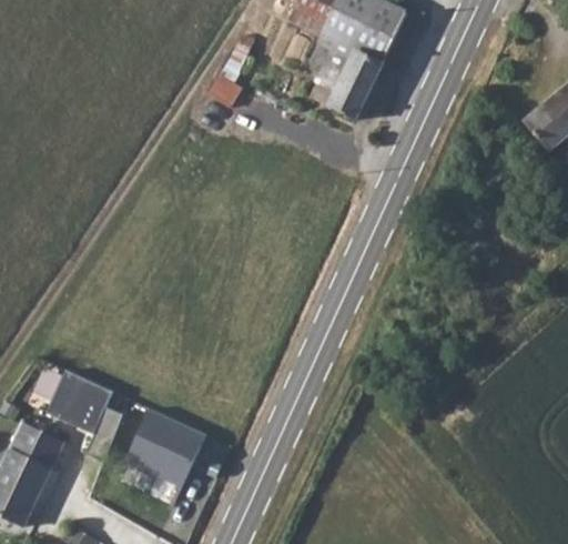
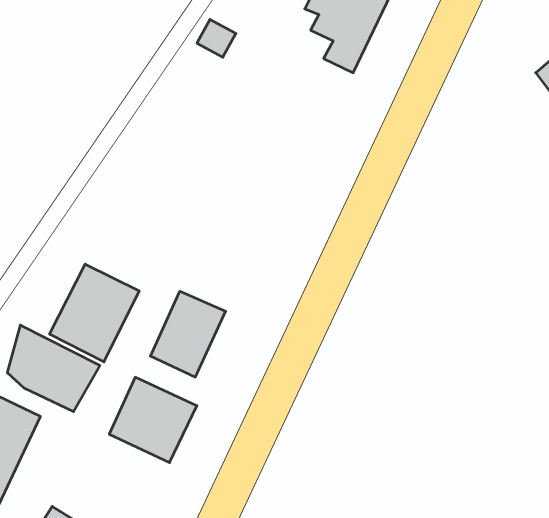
building: none -> [50,264,139,362]
building: none -> [150,291,226,377]

